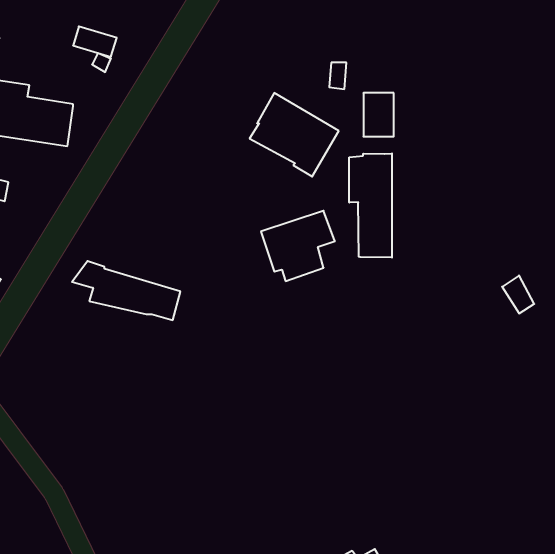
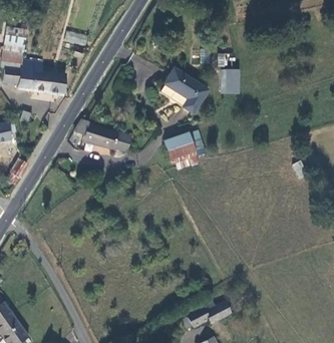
building: [349,153,392,258] -> none
building: [72,261,180,320] -> [72,120,129,151]

